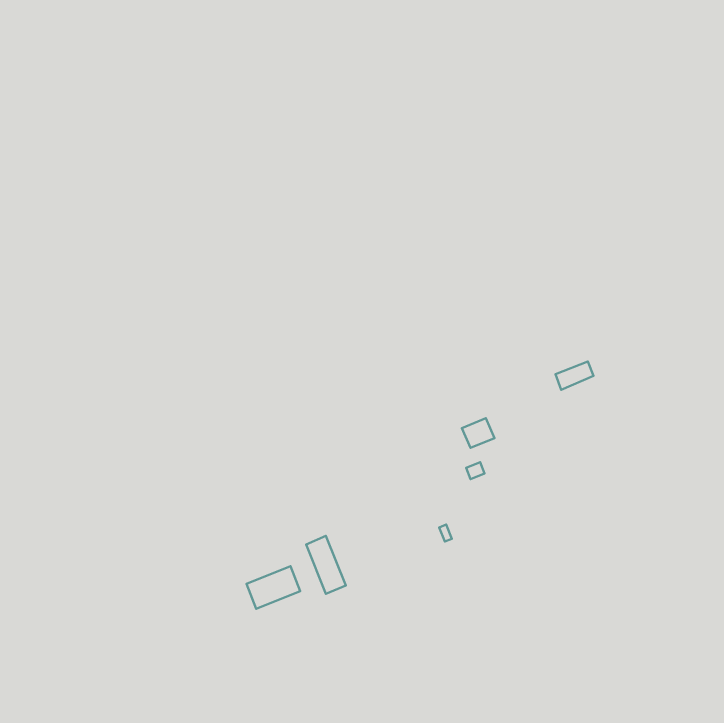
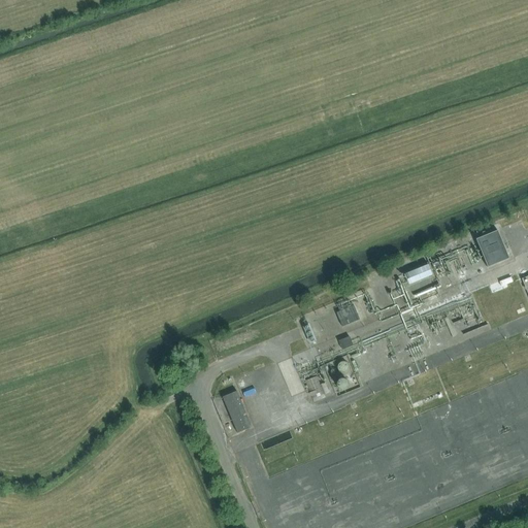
building: none -> [475,229,509,266]
building: [247,566,300,609] -> none

